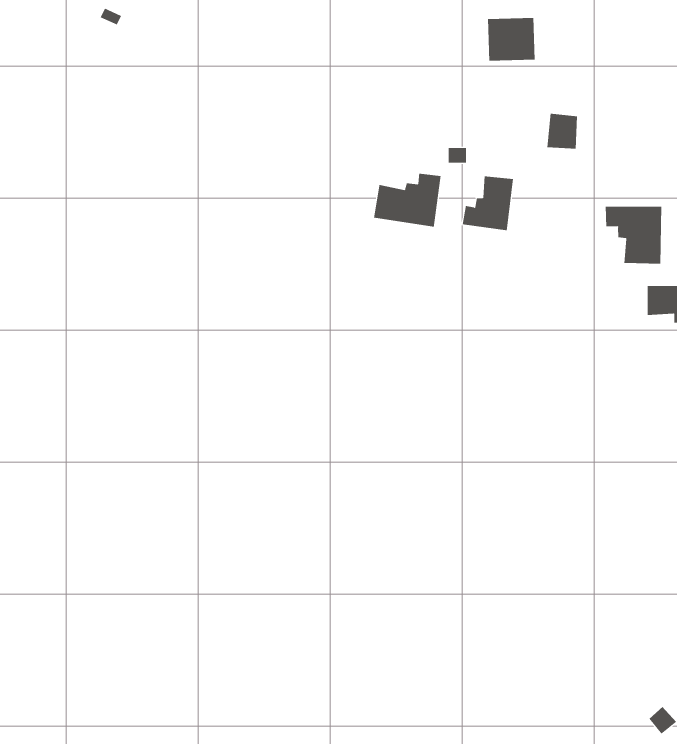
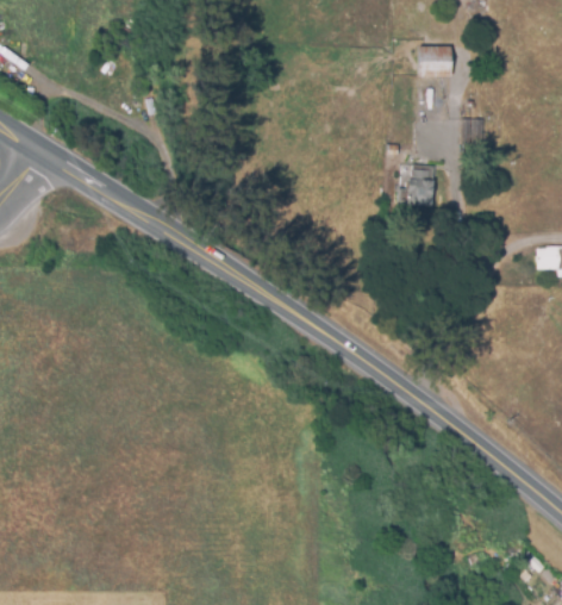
building: [373,173,441,228] -> none
building: [605,206,662,264] -> none

